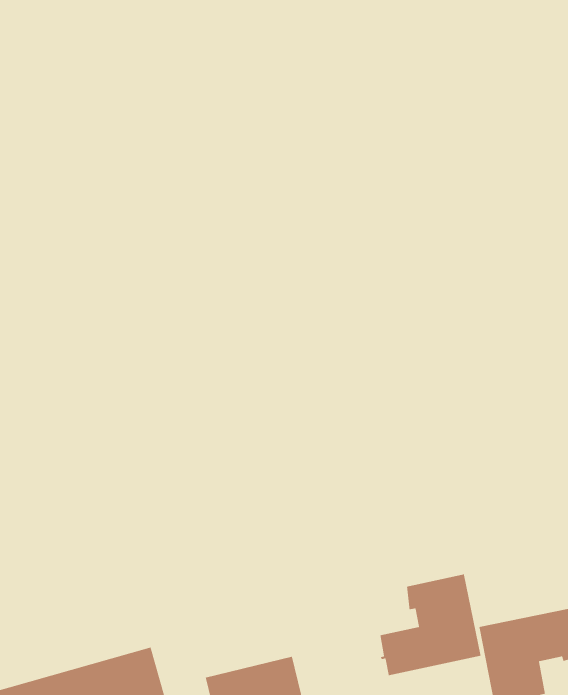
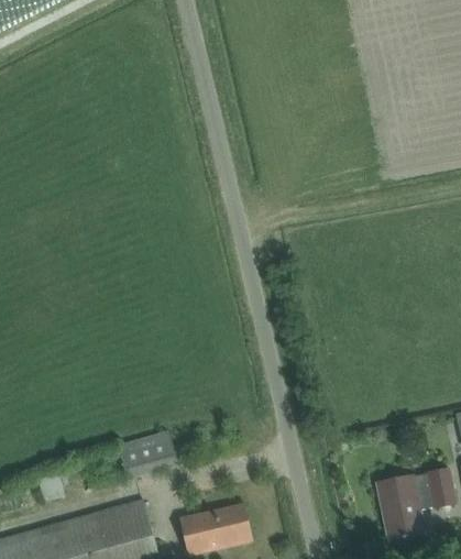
building: none -> [119,431,177,478]
building: [380,574,482,676] -> none

